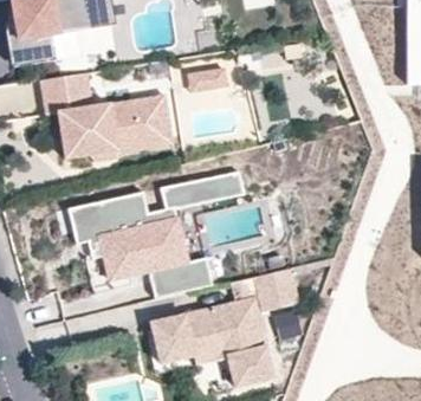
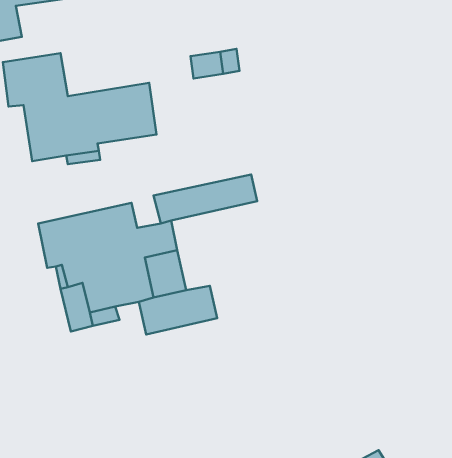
building: [145,266,302,384] -> none

